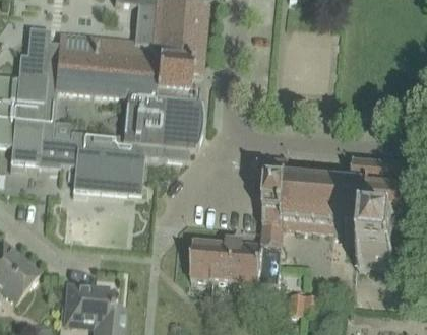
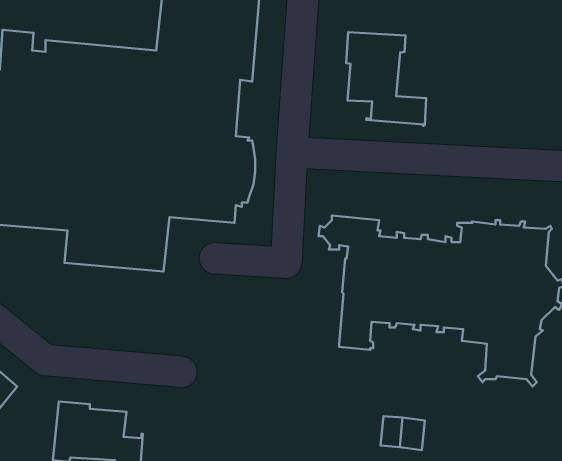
building: none -> [346,32,426,126]
building: [191,241,283,291] -> none

